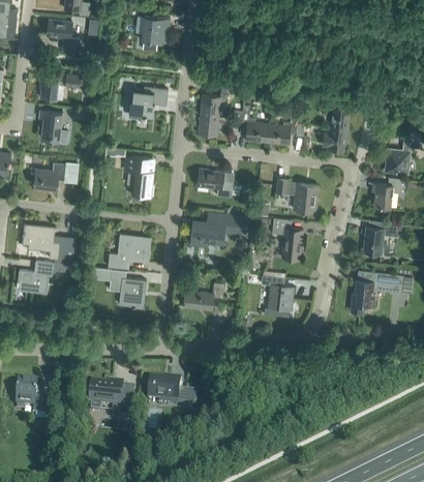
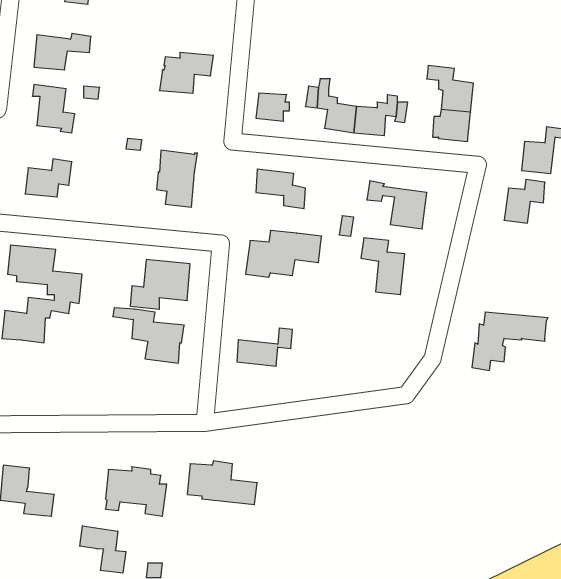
building: [199,85,236,117] -> none
building: [363,221,405,252] -> none
building: [260,275,294,315] -> none
building: none -> [80,526,126,573]

